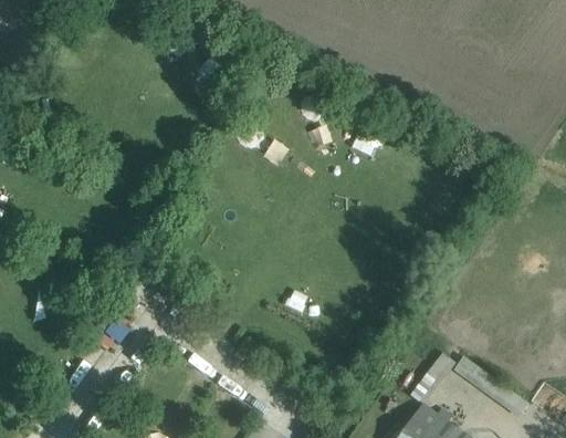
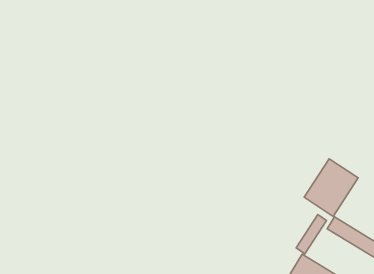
building: none -> [304,159,358,216]

